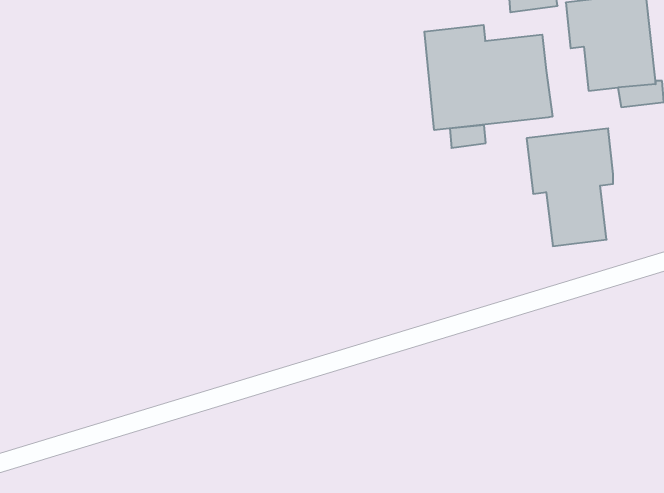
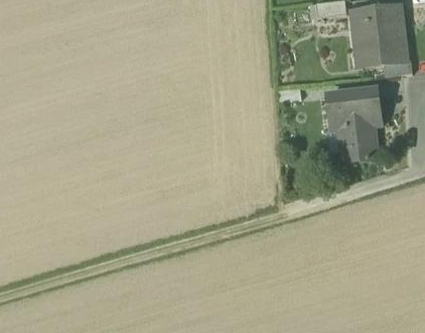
building: [424,25,552,130] -> none

